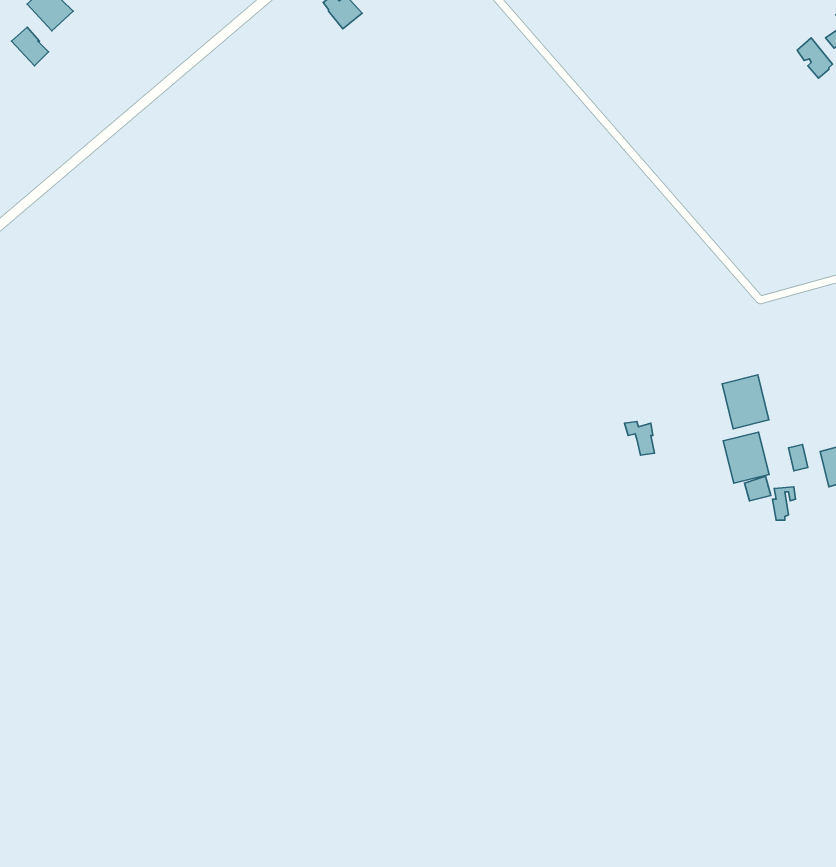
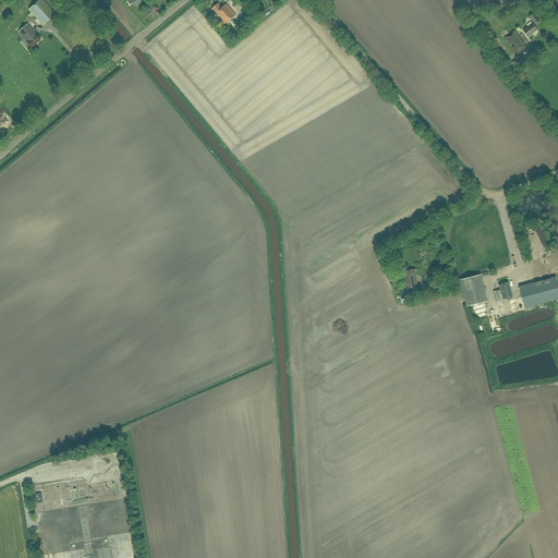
building: [722,375,769,429] -> none

